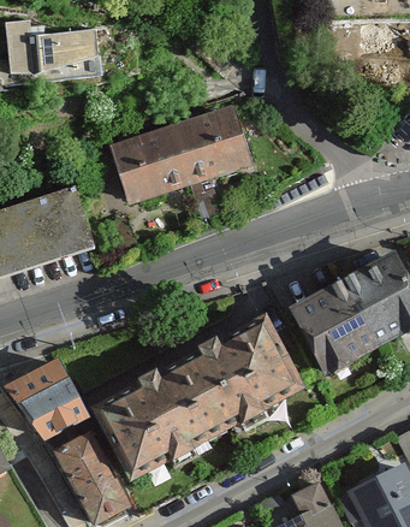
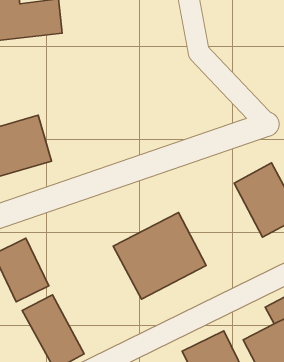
building: [113,107,252,202] -> none
building: [280,279,376,383] -> none
building: [93,365,212,479] -> none

